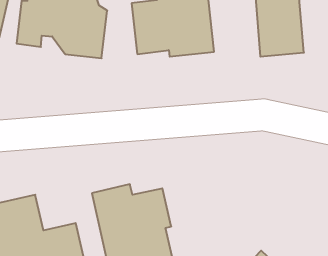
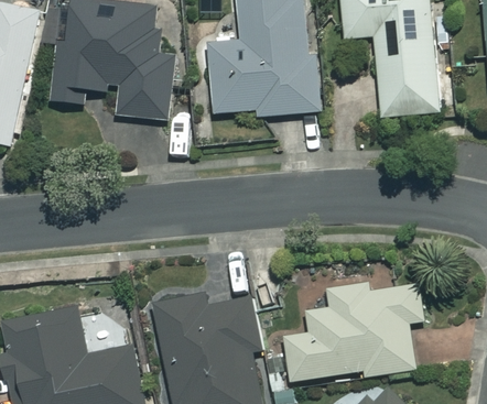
building: none -> [283,284,424,381]

